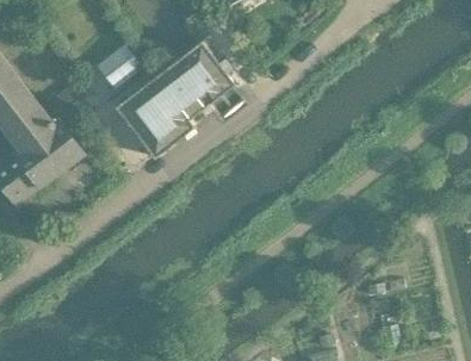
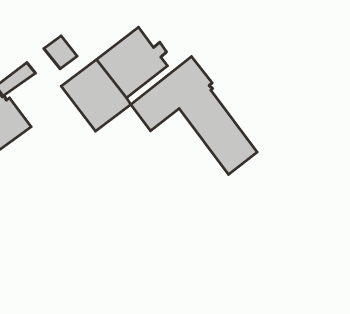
building: none -> [131,56,257,174]

